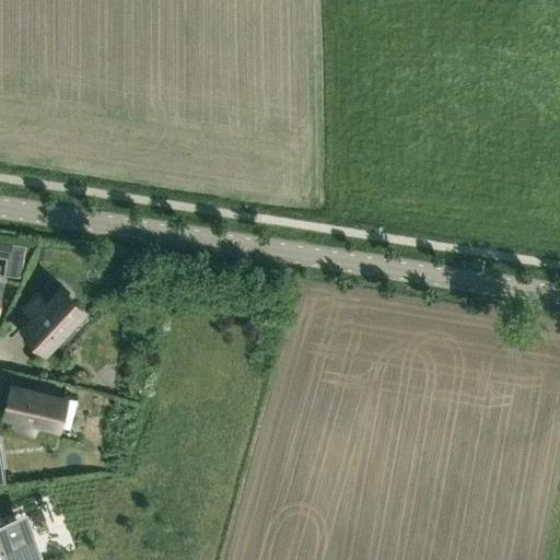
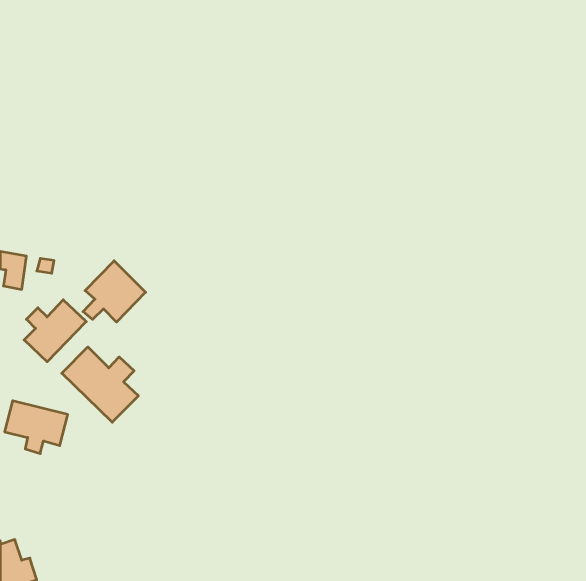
building: none -> [83,261,146,322]
building: none -> [62,347,138,422]

